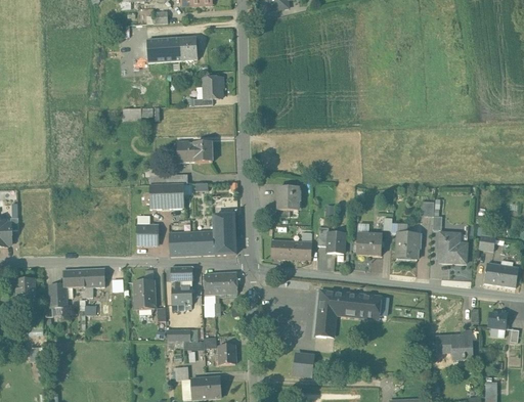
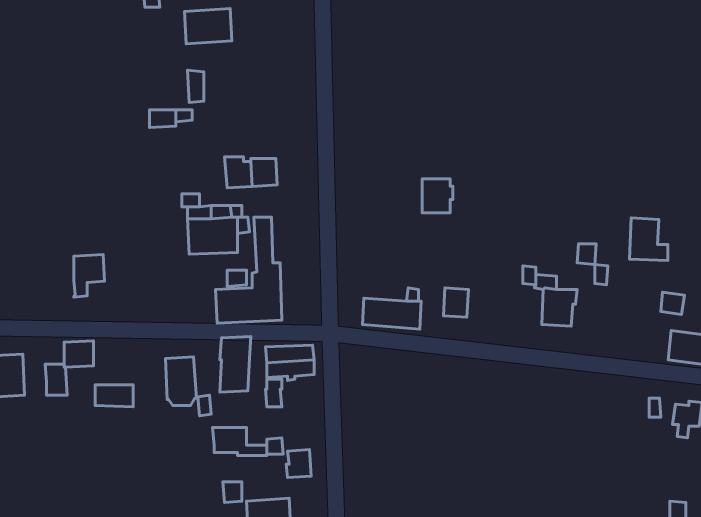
building: [179,37,198,60] -> none
building: [204,77,223,98] -> none
building: [278,186,300,210] -> [422,179,453,213]
building: [214,214,235,255] -> none
building: [137,225,158,244] -> none
building: [357,233,382,256] -> none
building: [439,233,466,263] -> [630,218,668,261]
building: [84,268,105,298] -> [74,255,105,297]
building: [315,289,383,339] -> none
building: [434,331,472,360] -> none
building: [293,354,313,376] -> none

